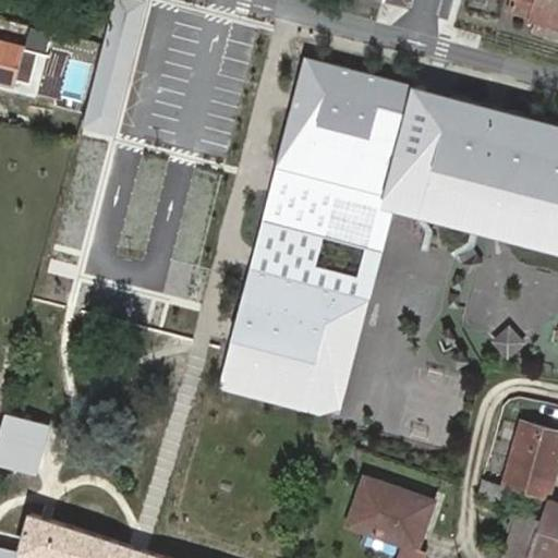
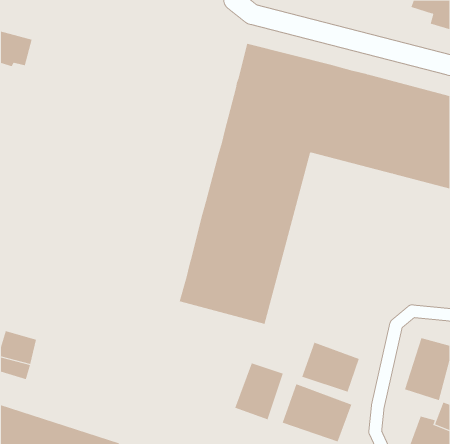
building: none -> [302,342,360,393]
building: none -> [235,362,284,420]

